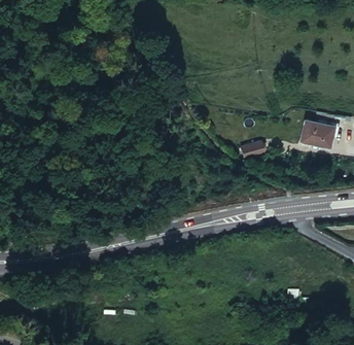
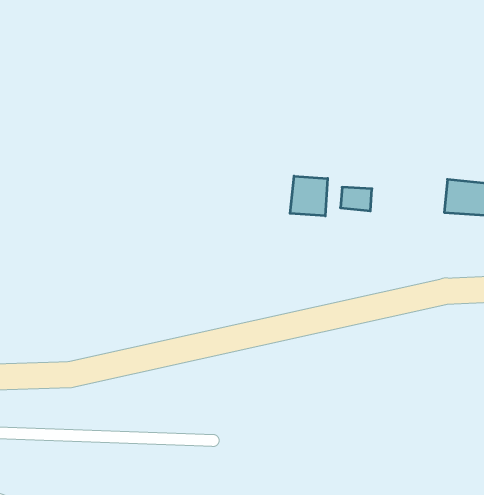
building: none -> [290,176,328,216]

